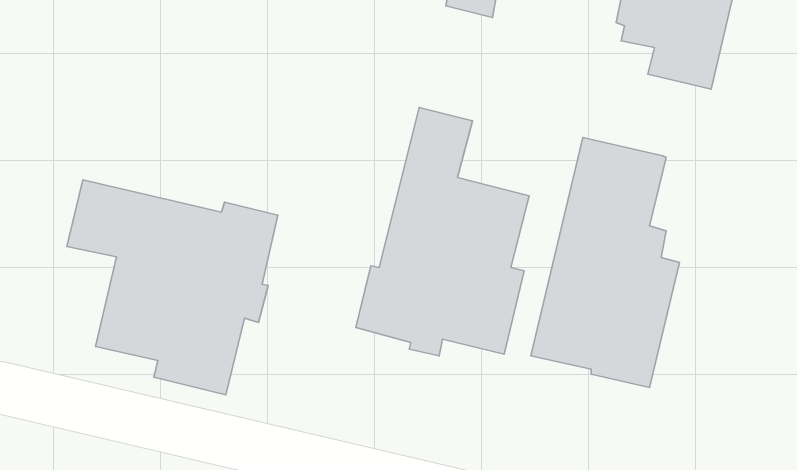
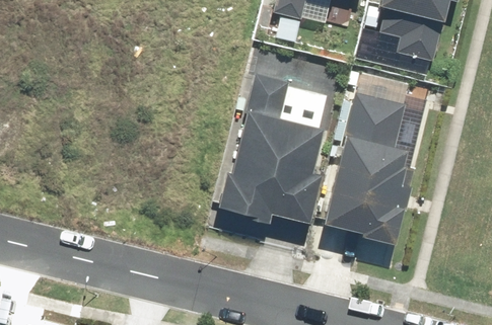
building: [67,180,278,395] -> none

